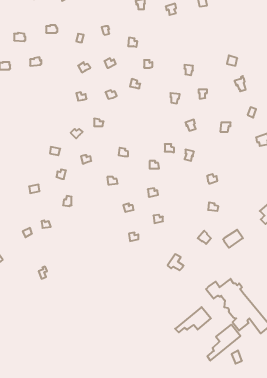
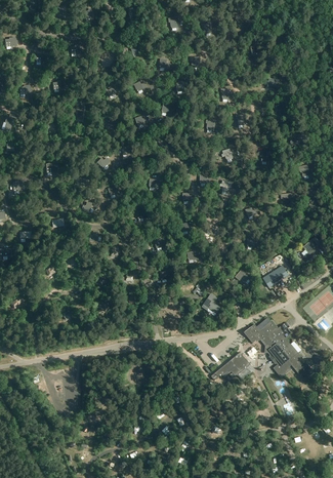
building: [207,325,240,361] -> none

